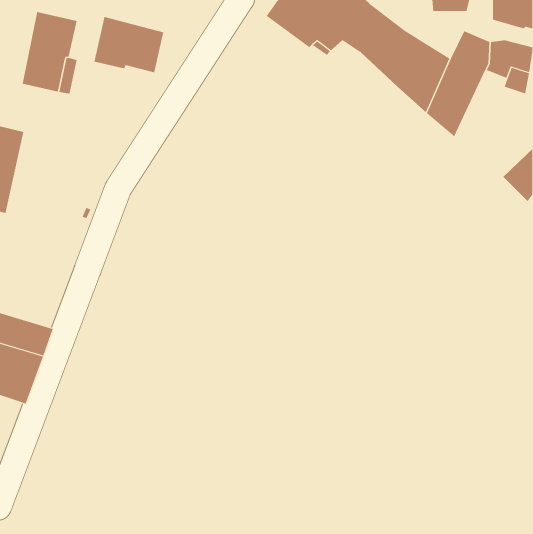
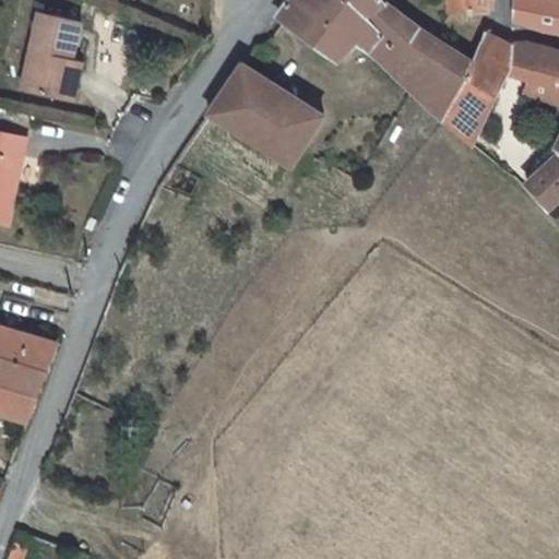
building: [94,16,164,73] -> none
building: none -> [209,64,323,165]

